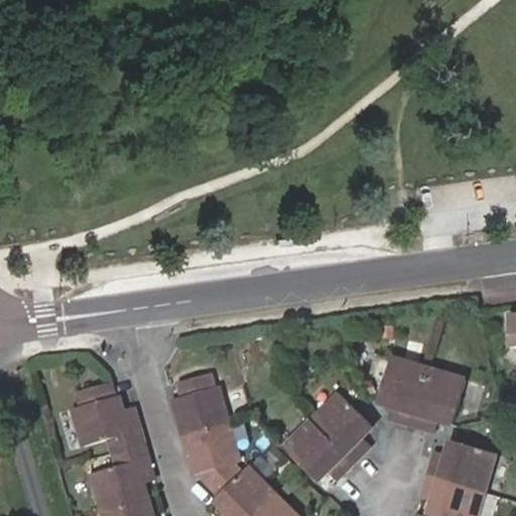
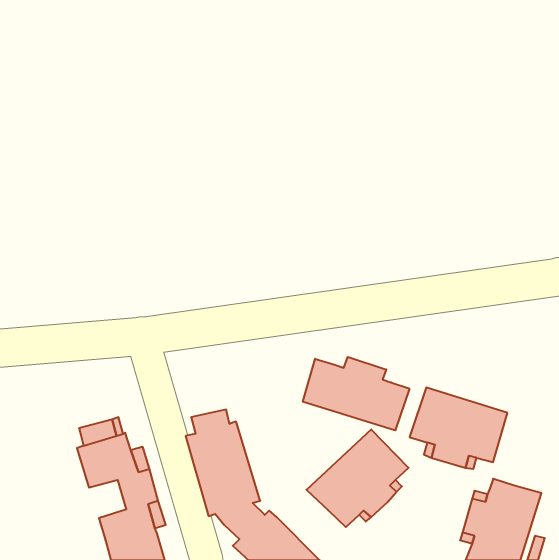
building: none -> [303,357,409,430]

